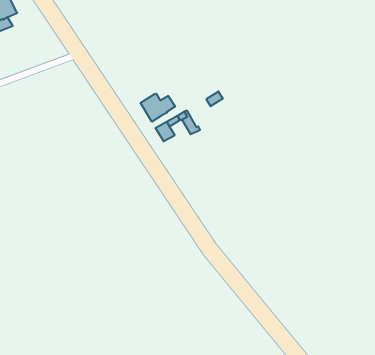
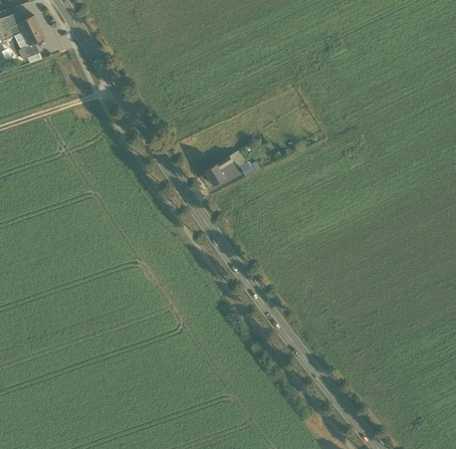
building: [141,94,175,122] -> none

